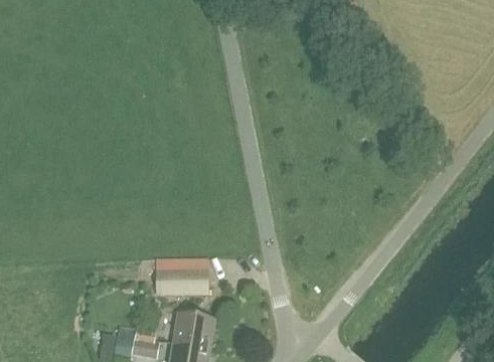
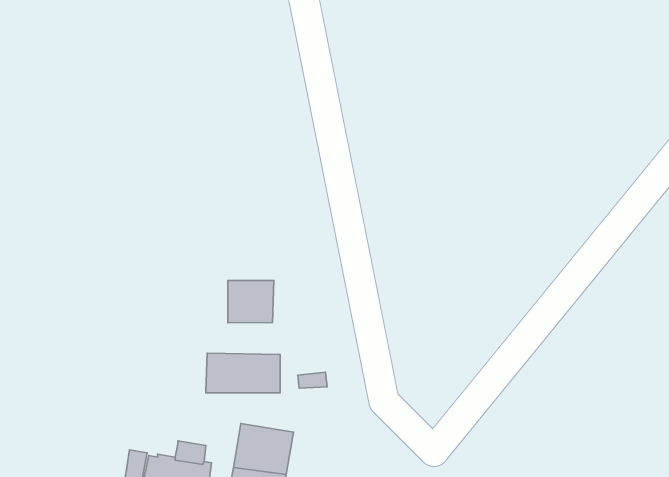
building: none -> [228,281,274,323]

